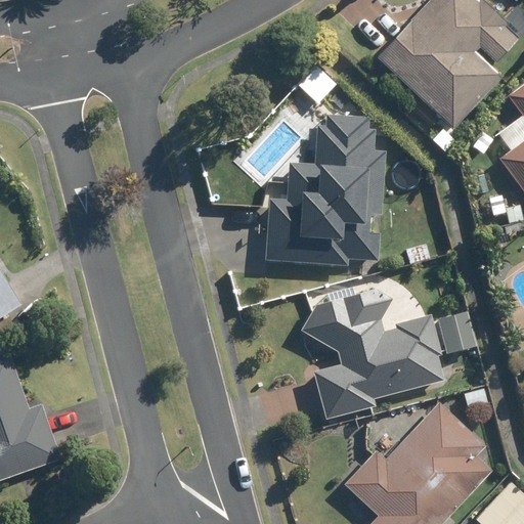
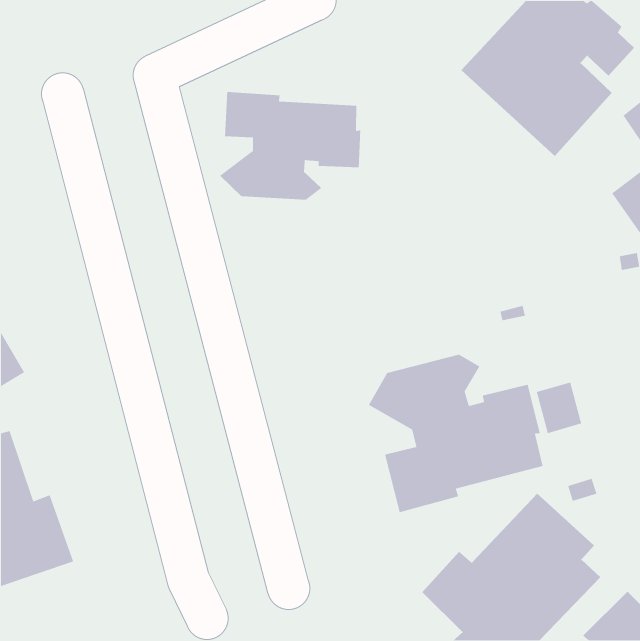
building: none -> [219,91,361,200]
building: [264,114,384,265] -> none

